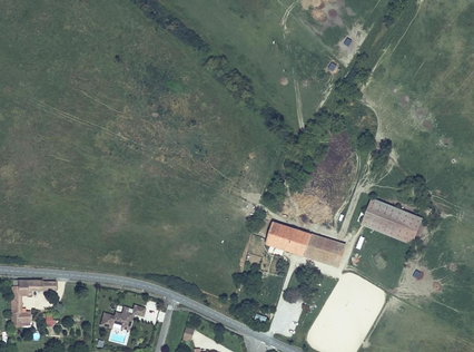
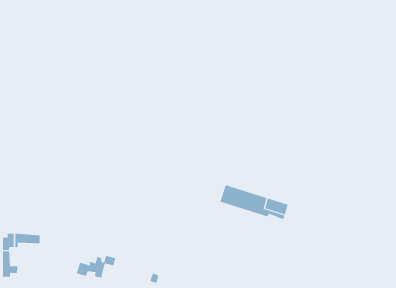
building: [364,198,424,245] -> none

